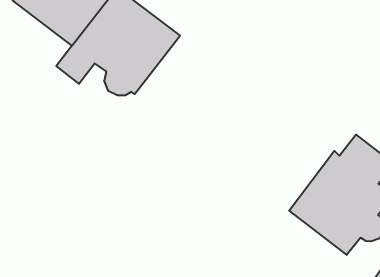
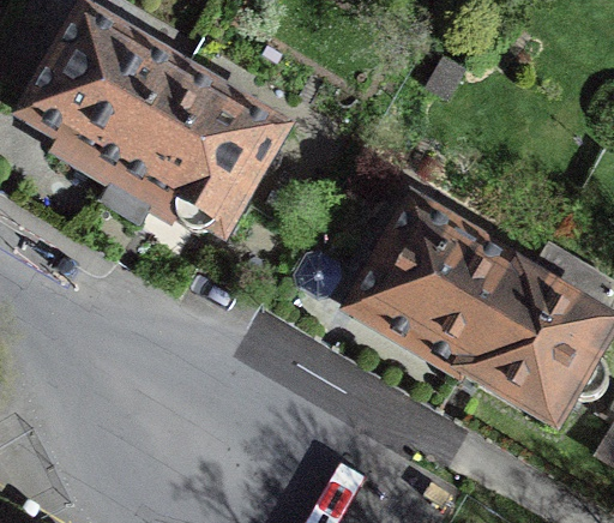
building: none -> [355,211,518,368]

